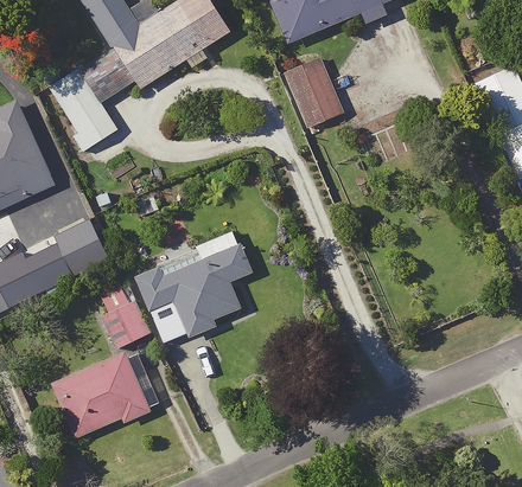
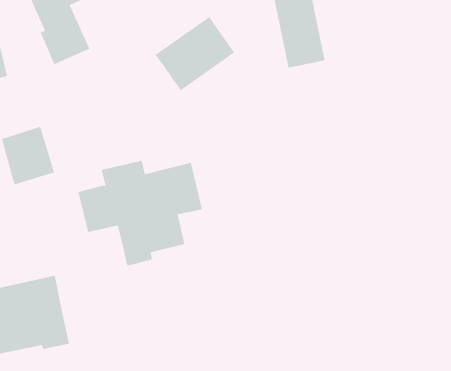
building: none -> [155,16,235,91]
building: [97,276,152,348] -> none

